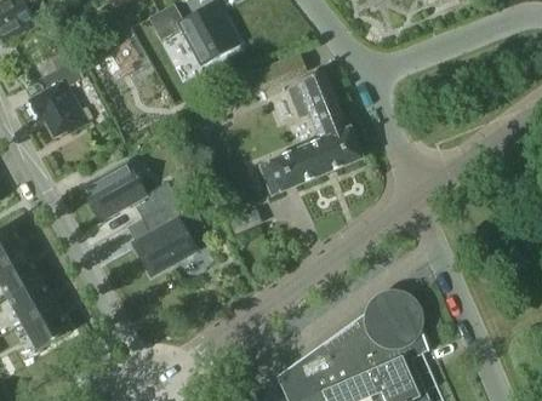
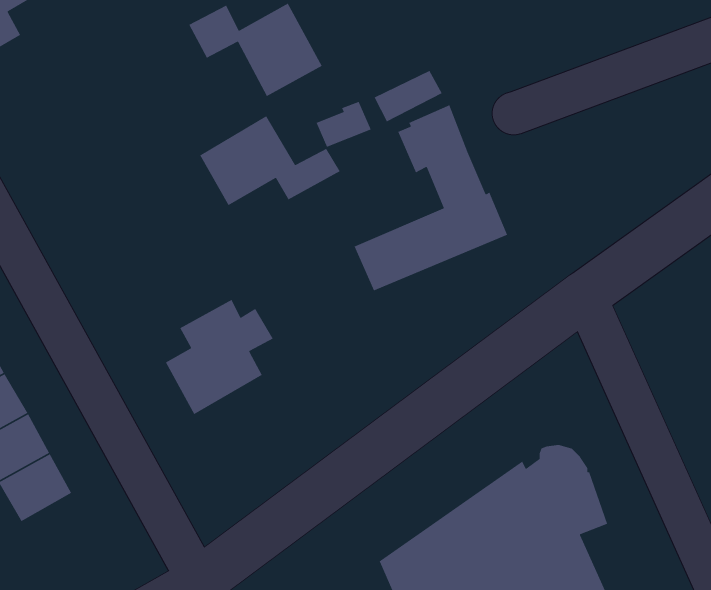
building: [28,62,86,137] -> none
building: [81,162,176,223] -> [199,115,341,206]

